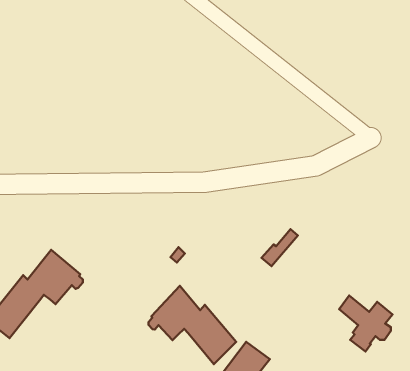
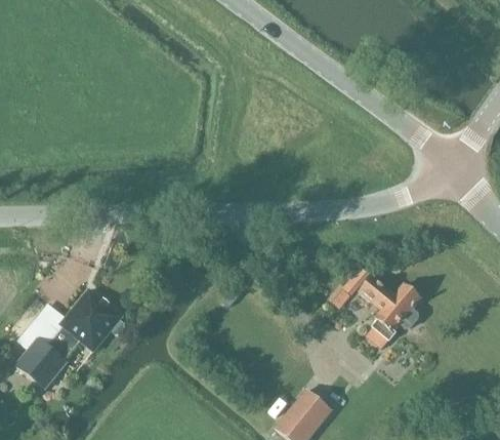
building: [148,286,236,364] -> none
building: [339,296,393,352] -> [360,276,420,339]

